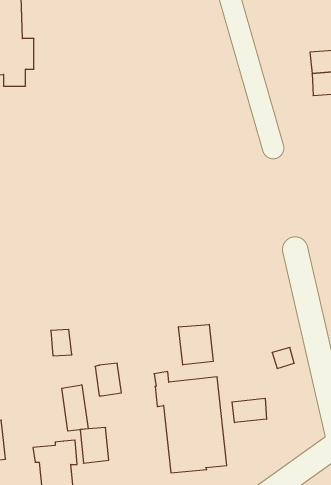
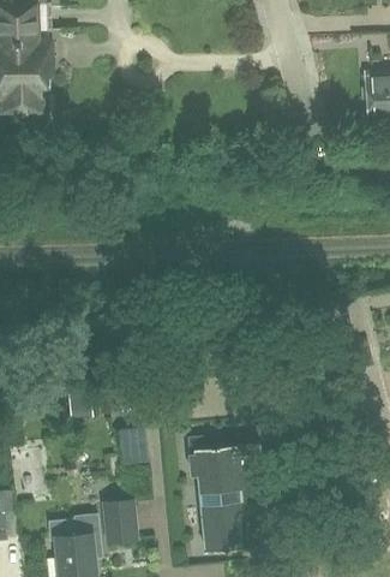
building: [179,324,213,365] -> none
building: [62,385,88,431] -> none
building: [232,398,267,423] -> none

